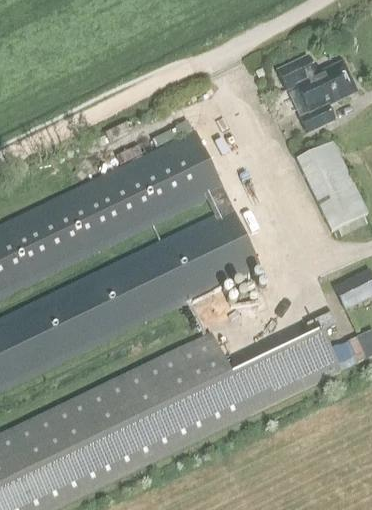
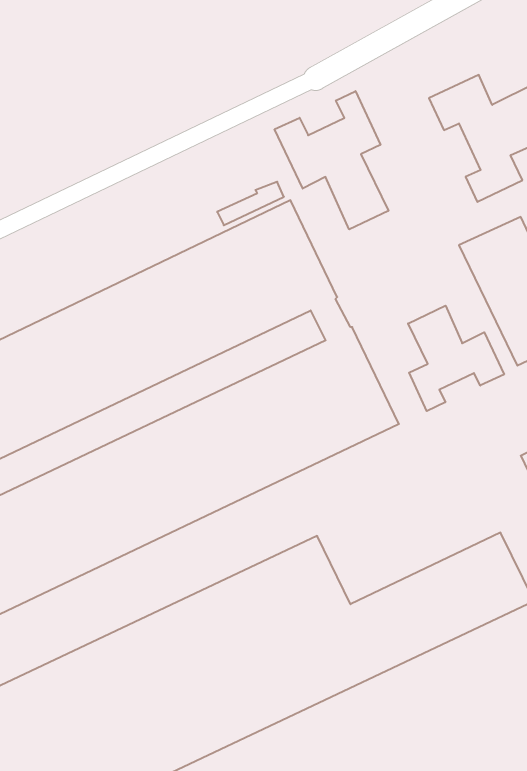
building: none -> [275,91,388,229]
building: none -> [408,306,504,411]

